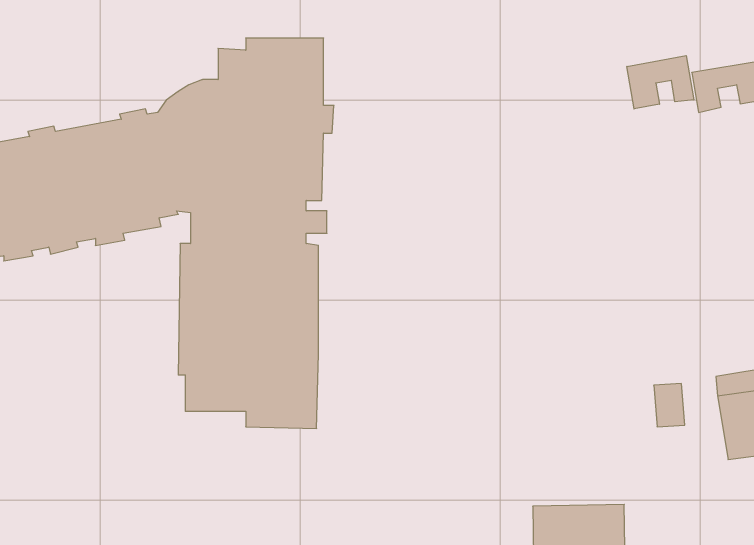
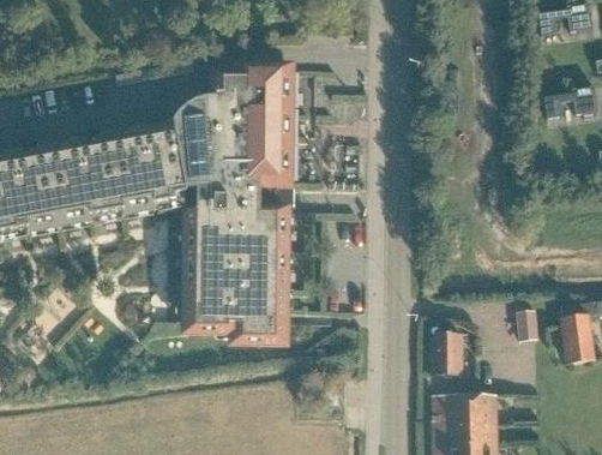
building: [627,56,694,109] -> none
building: none -> [432,335,463,376]

